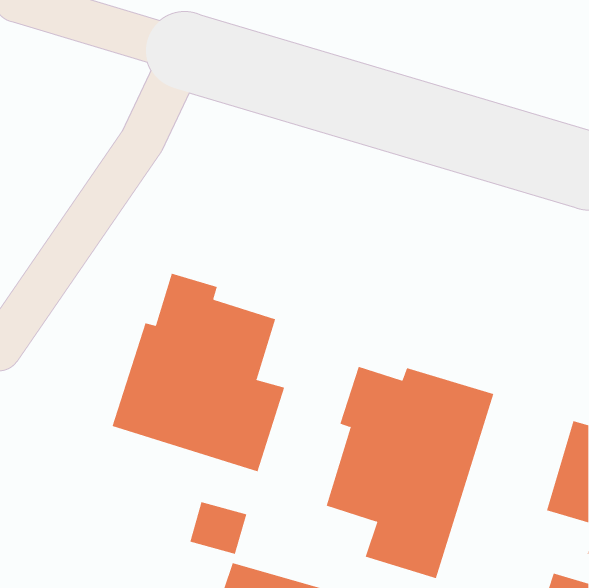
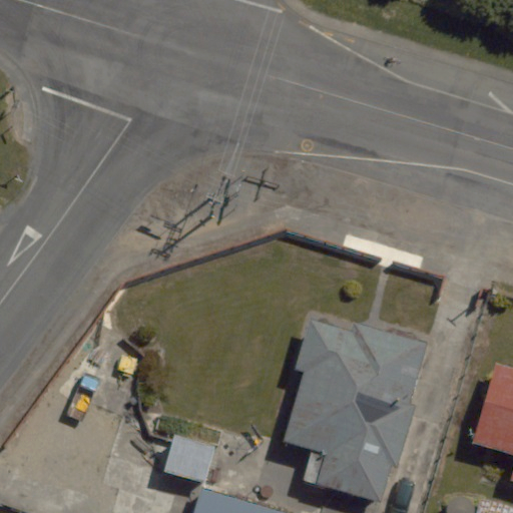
building: [112,273,285,472] -> none

